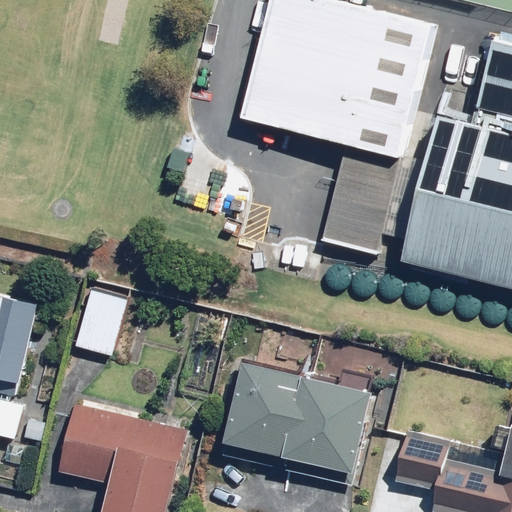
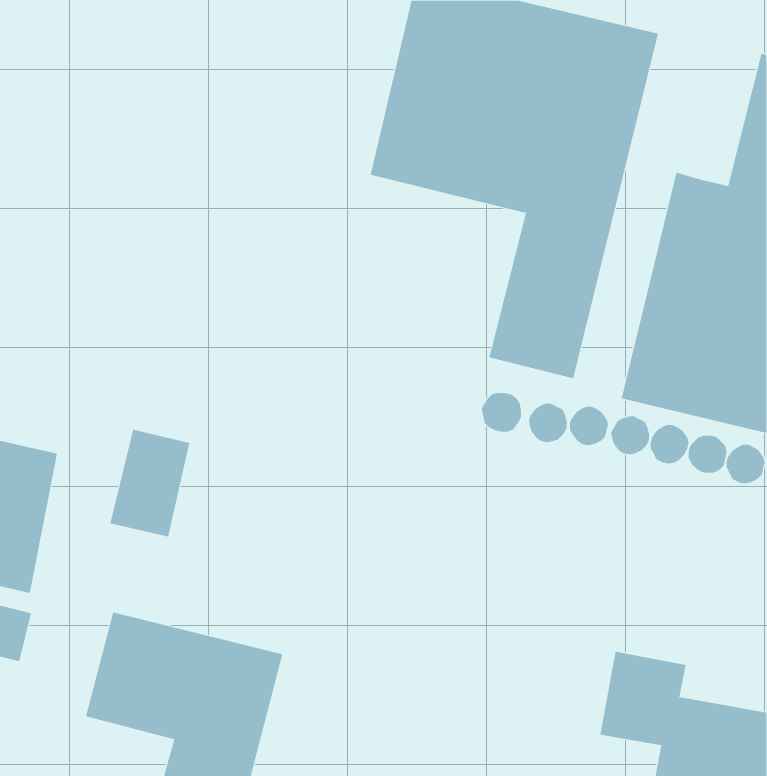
building: [217,361,372,489] -> none

